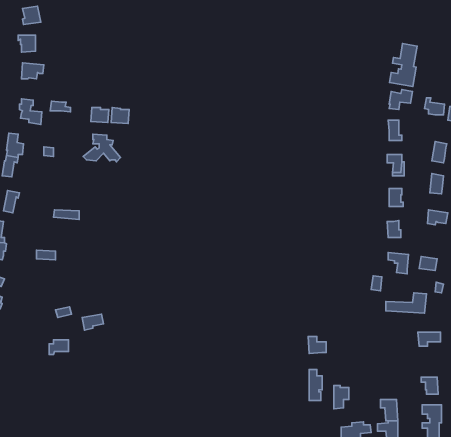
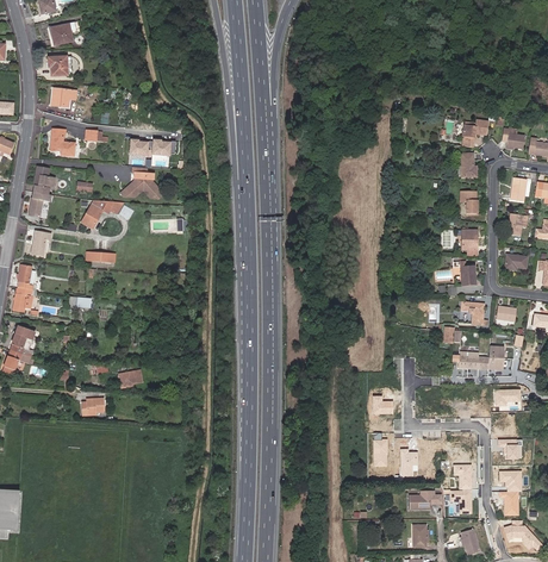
building: [389,44,417,87] -> none
building: none -> [82,201,123,229]

